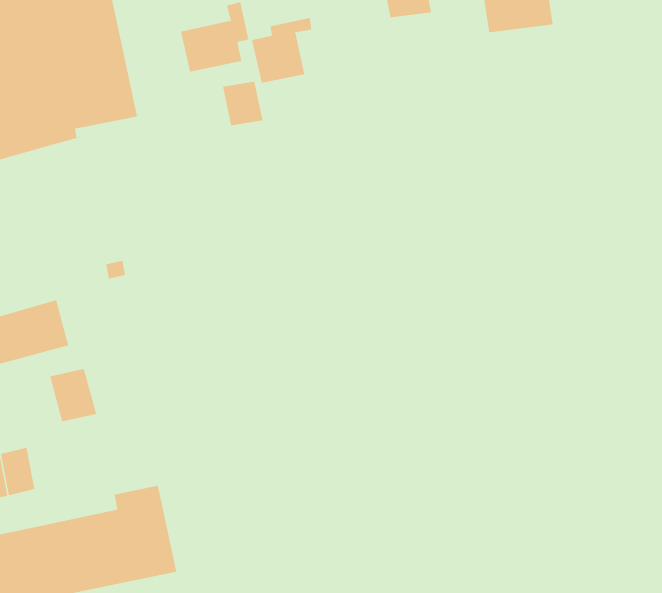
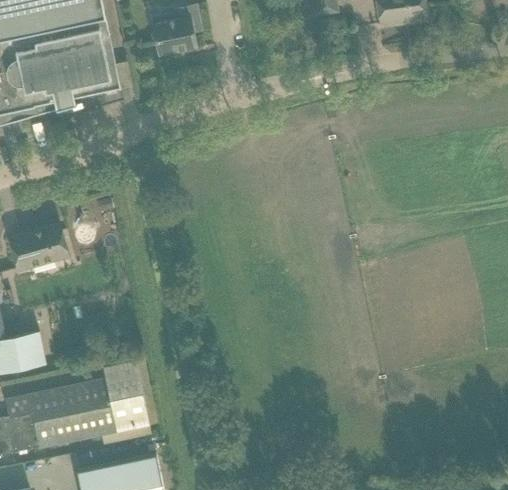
building: [251,17,312,83] -> none
building: [222,81,263,126] -> none
building: [49,368,97,422] -> none

